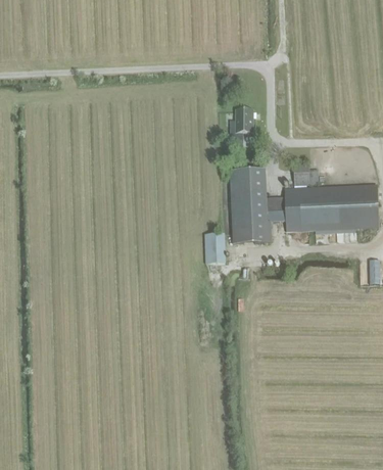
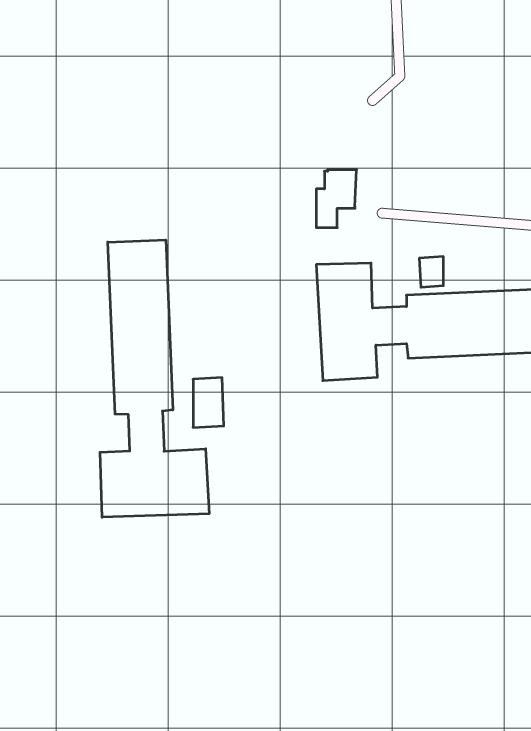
building: none -> [100,240,209,517]
building: [206,233,226,265] -> [193,378,224,427]

